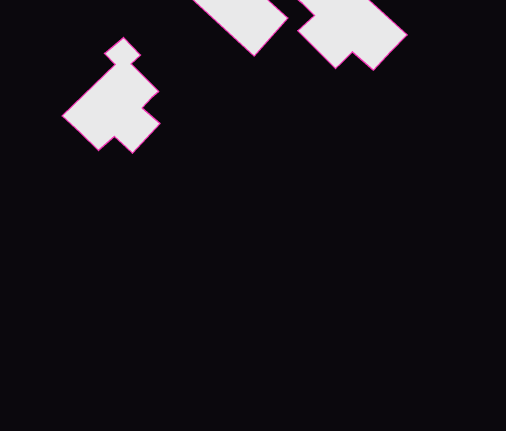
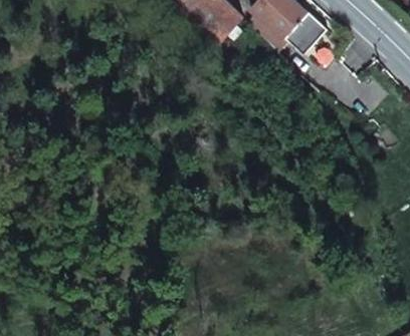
building: [62,37,160,153] -> none

